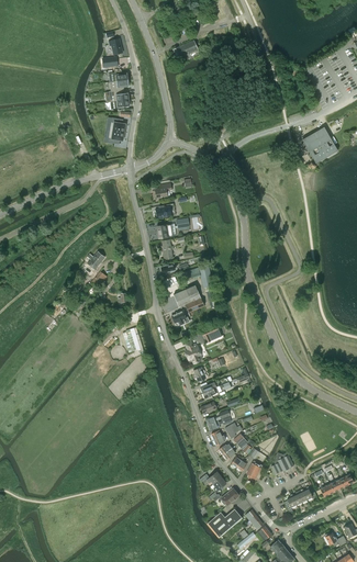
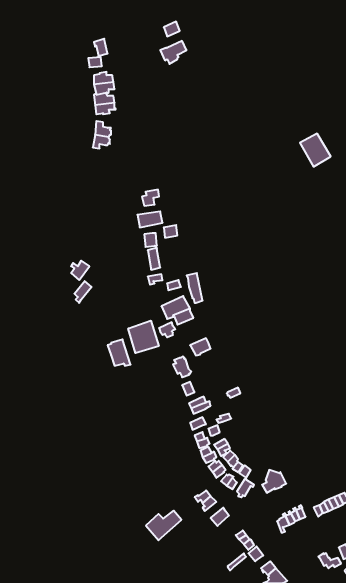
building: none -> [128,321,159,353]
building: [208,508,242,537] -> [146,511,181,540]

